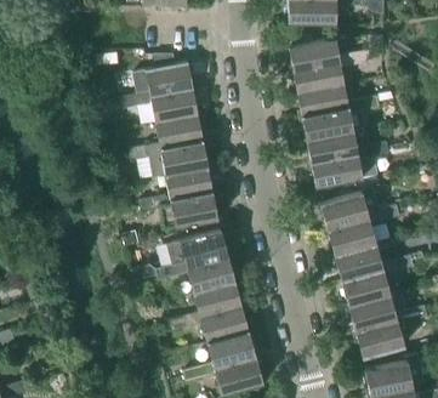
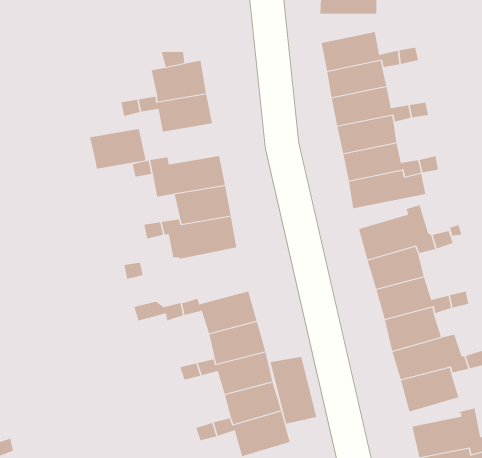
building: [155,115,204,149] -> [89,129,147,169]
building: [167,229,228,267] -> none
building: none -> [270,356,317,425]

